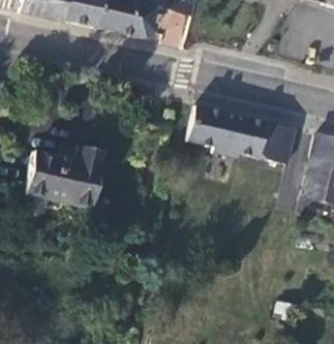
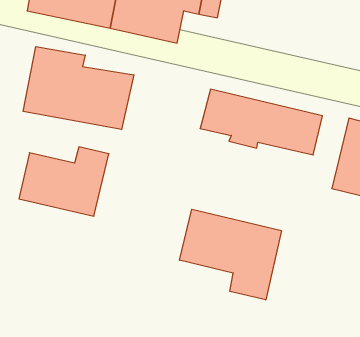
building: none -> [23,47,134,130]
building: none -> [179,209,281,300]

